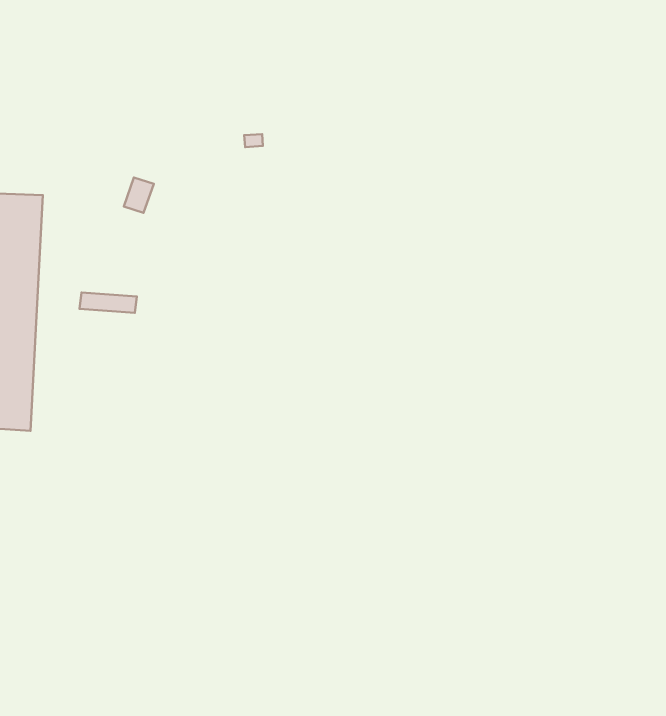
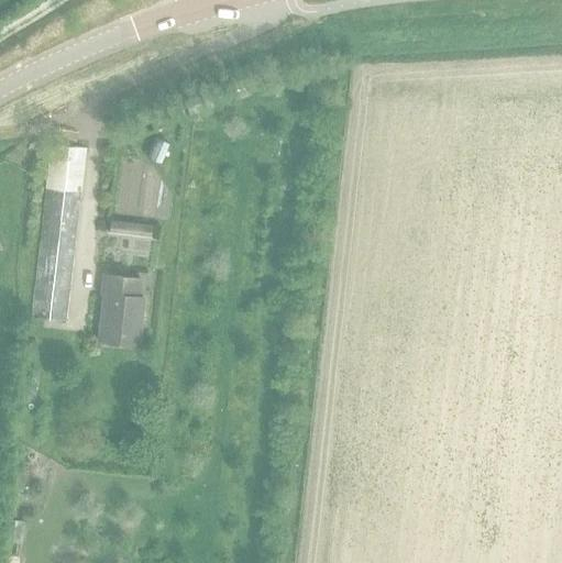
building: none -> [97,276,142,349]

